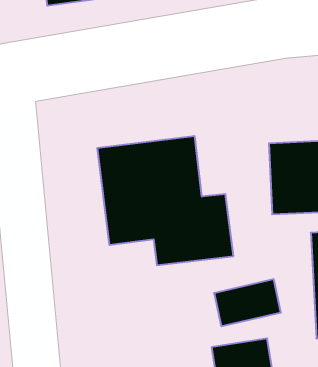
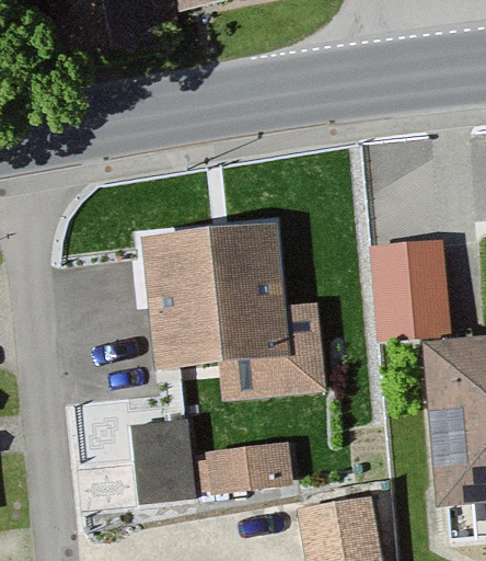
building: [214,279,281,326] -> [206,428,297,492]
building: none -> [125,422,192,504]

